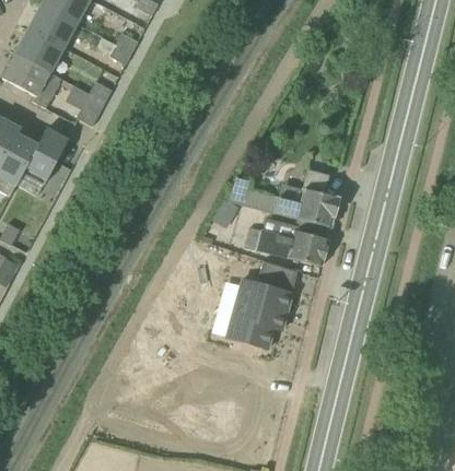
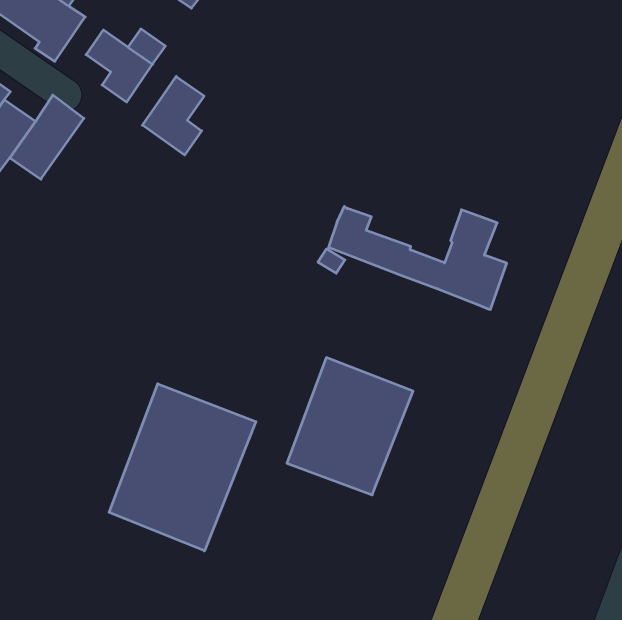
building: none -> [142,76,204,155]
building: [235,219,328,266] -> none
building: none -> [109,384,256,551]

